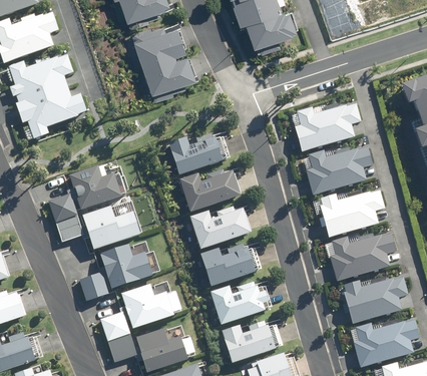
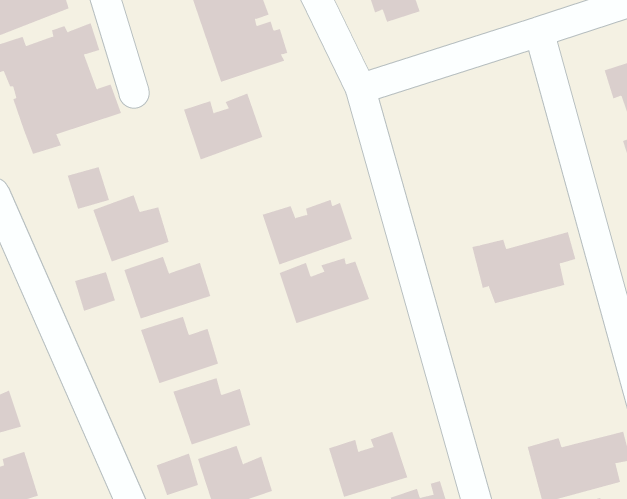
building: [293,103,360,150] -> none
building: [168,131,221,175] -> [183,93,263,160]
building: [305,147,371,195] -> none
building: [49,194,77,222] -> [67,166,110,209]
building: [328,234,394,281] -> none
building: [200,244,253,286] -> none
building: [81,273,109,300] -> none
building: [344,276,408,323] -> none
building: [209,282,263,324] -> none
building: [102,311,131,342] -> none

